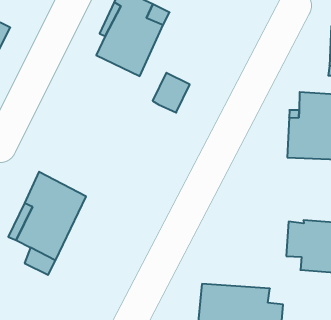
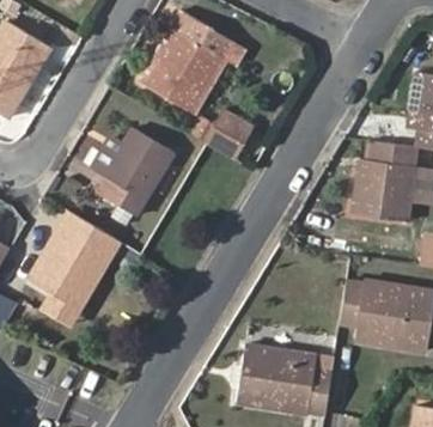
building: none -> [109,122,179,211]

